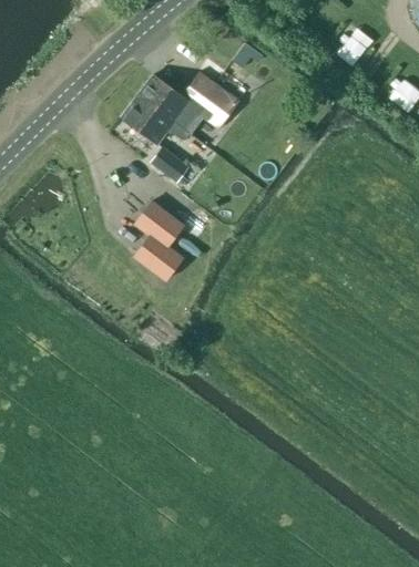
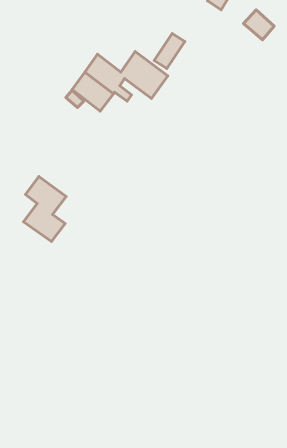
building: [150,145,191,183] -> none
building: [132,205,184,285] -> [24,177,66,242]

